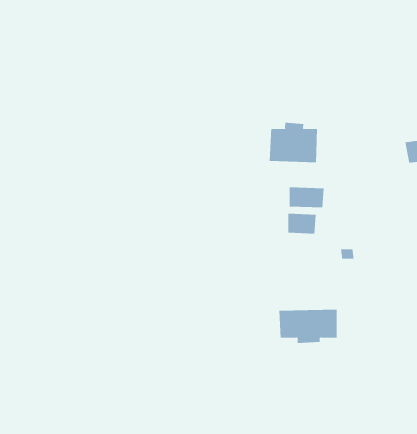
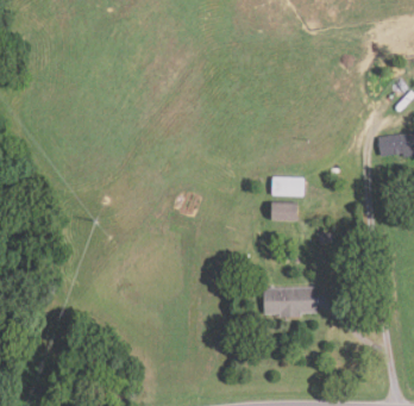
building: [269,122,317,163] -> none

